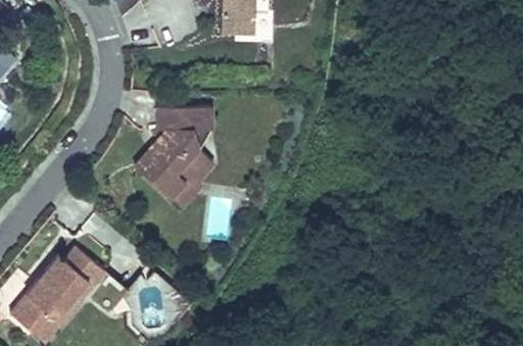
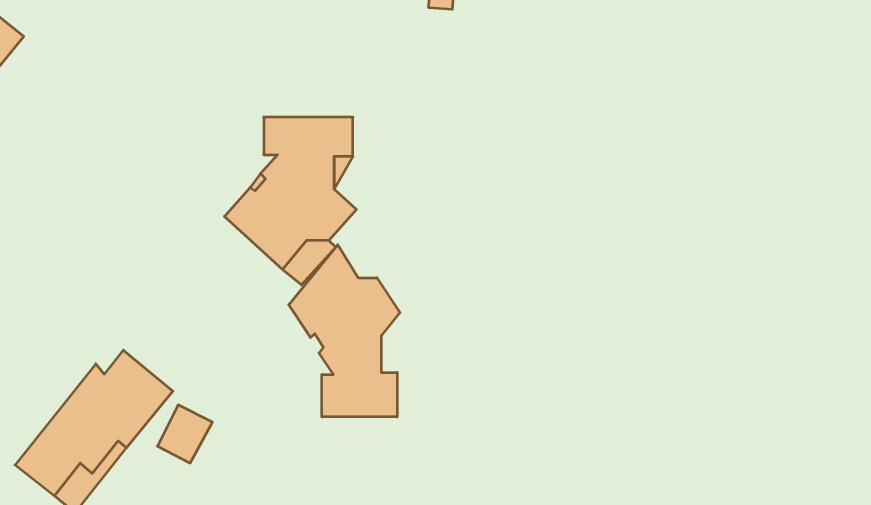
building: none -> [289,245,400,417]

